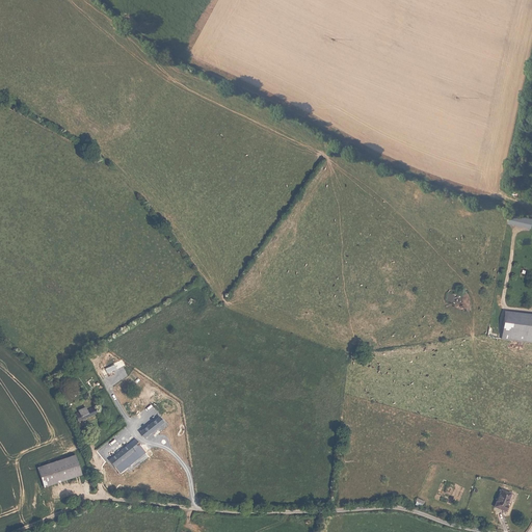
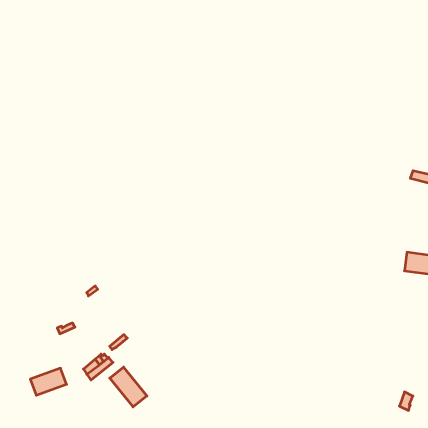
building: none -> [110,367,147,407]

